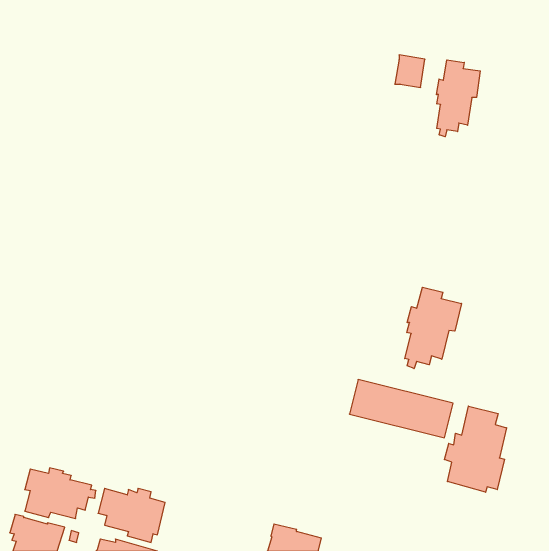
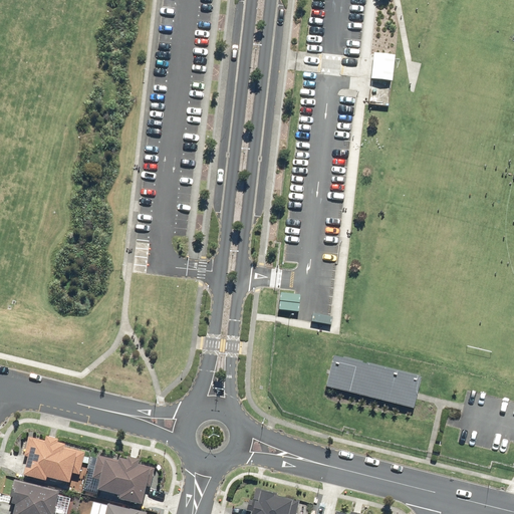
building: [436,60,480,137] -> none
building: [405,287,461,369] -> none
building: [444,406,507,492] -> none

